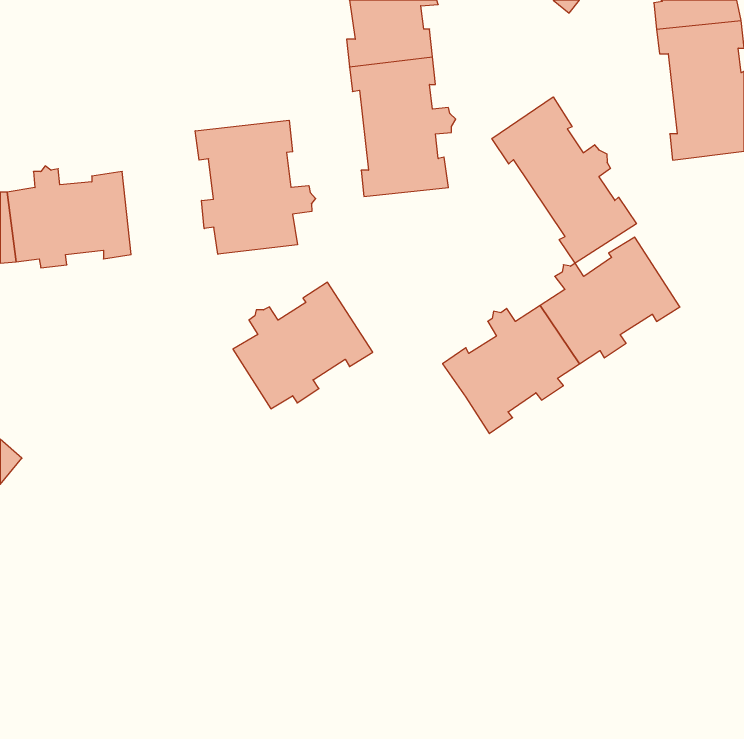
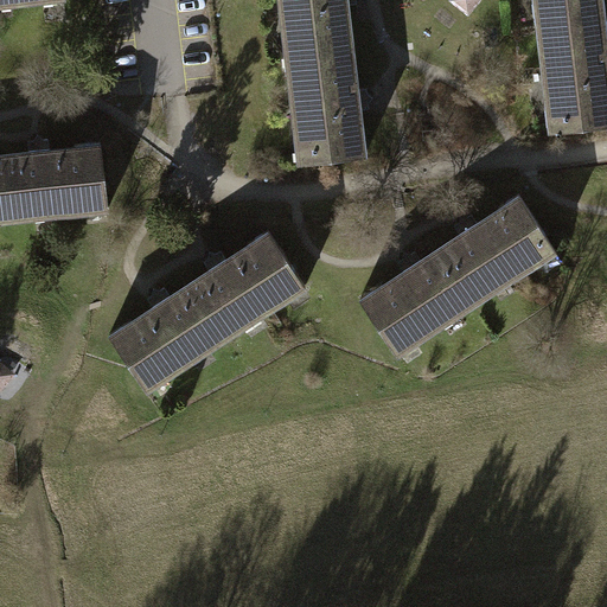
building: [492,97,636,263] -> none
building: [195,120,316,254] -> none
building: none -> [110,288,221,391]

